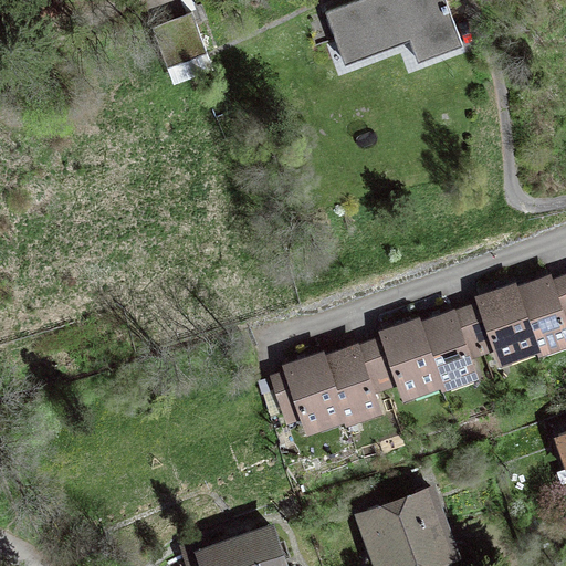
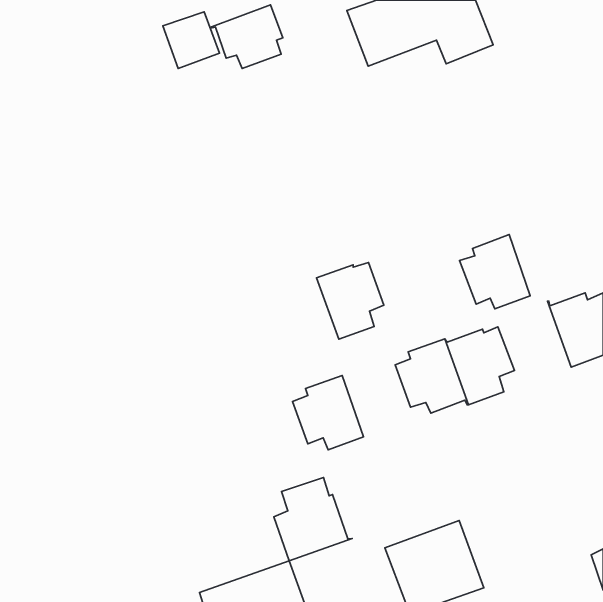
building: none -> [210,5,283,69]
building: [467,283,533,353] -> [459,234,530,309]
building: [322,343,385,415] -> [316,263,384,339]
building: none -> [274,478,352,561]

